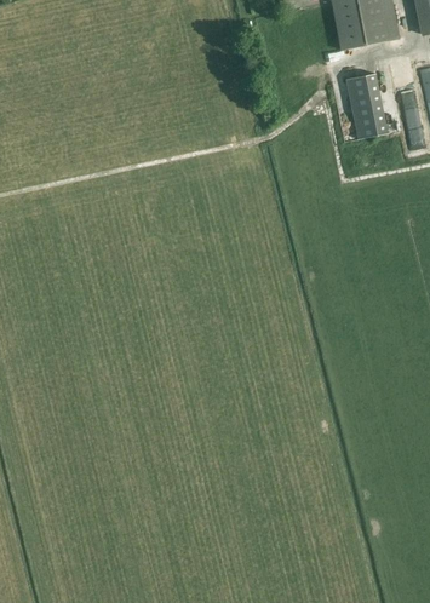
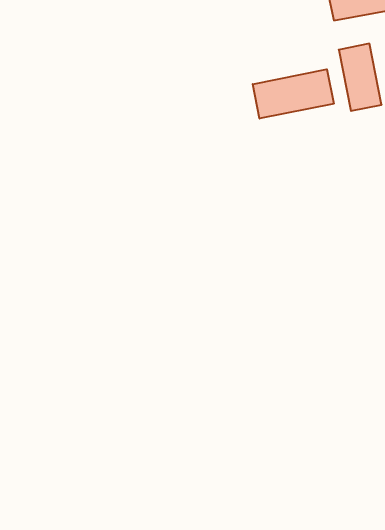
building: none -> [253,69,334,119]

